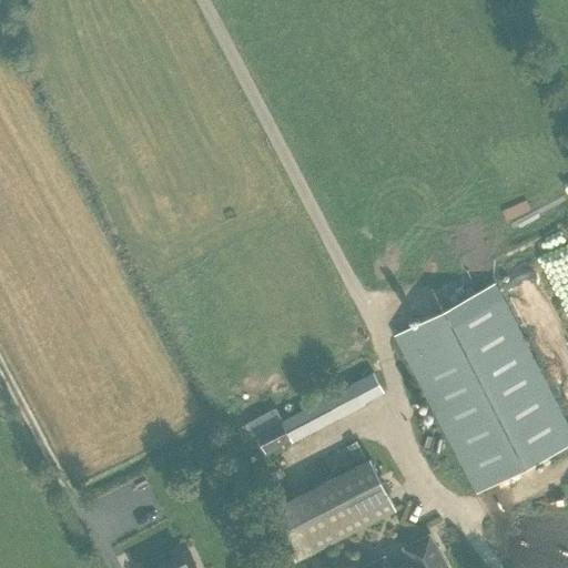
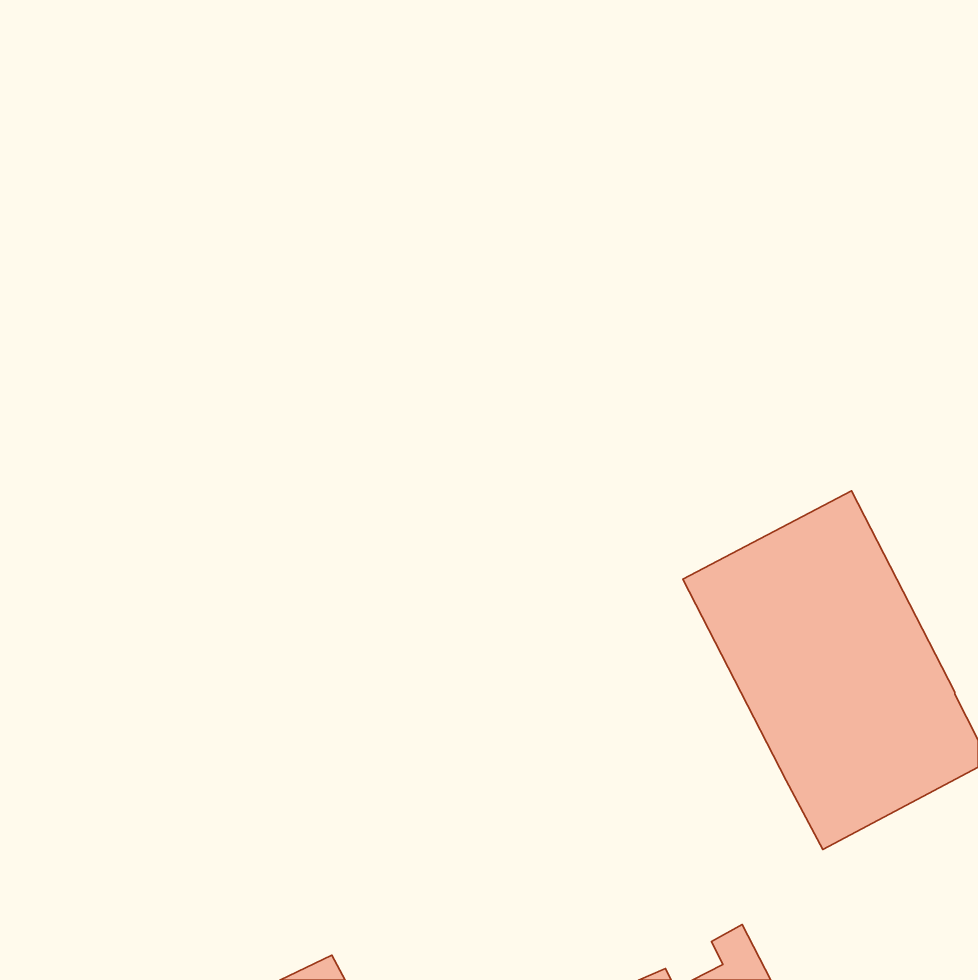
building: [256,373,384,453] -> none
building: [273,458,398,562] -> none

